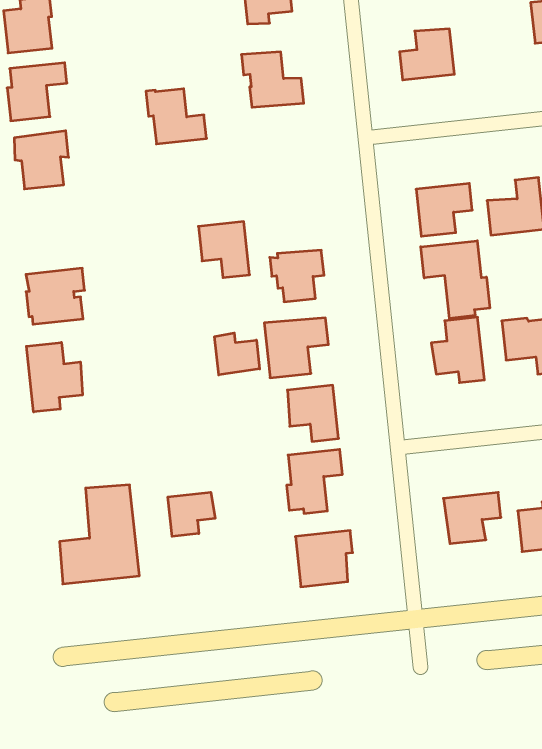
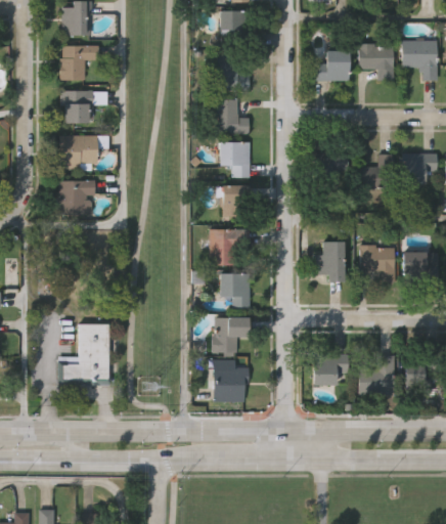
building: none -> [357,43,393,80]
building: [146,89,207,144] -> [213,97,249,132]
building: none -> [59,138,108,170]
building: [198,222,250,278] -> [219,142,249,177]
building: [421,241,490,318] -> none
building: [215,333,260,375] -> none
building: [26,342,82,412] -> none
building: [168,492,215,536] -> none

